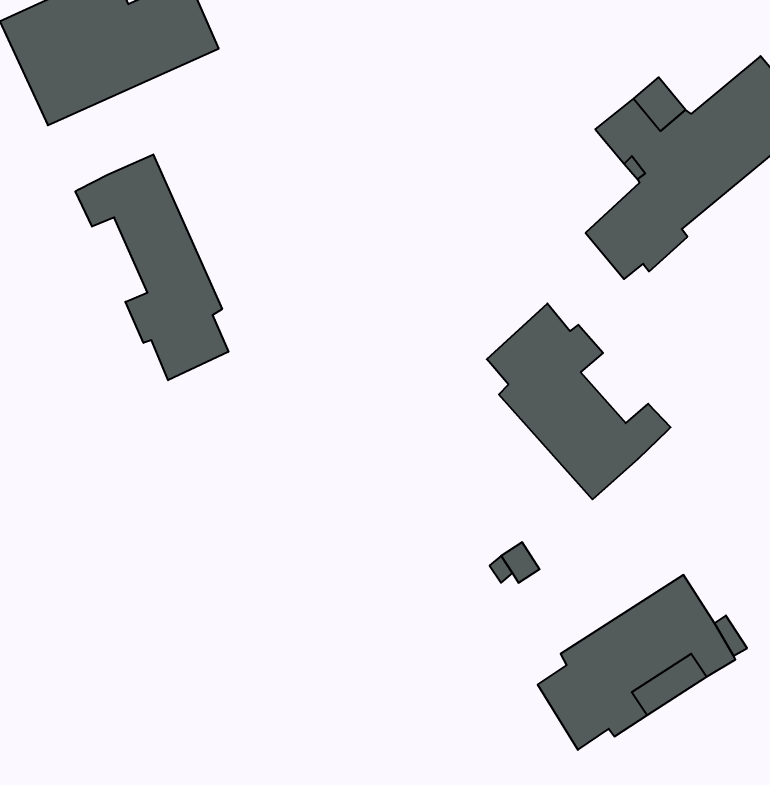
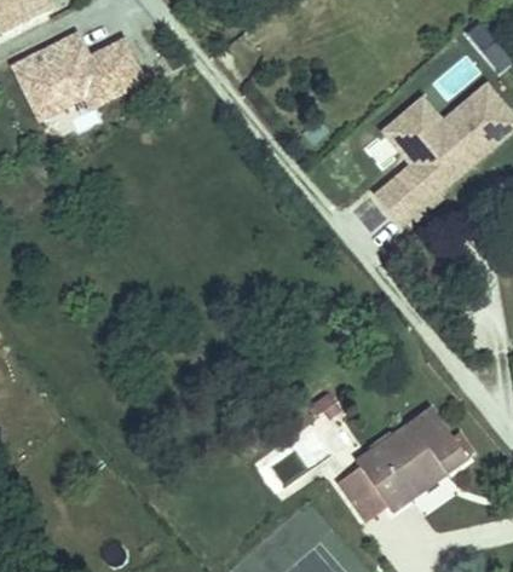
building: [75,154,228,380] -> none
building: [487,303,671,499] -> none

